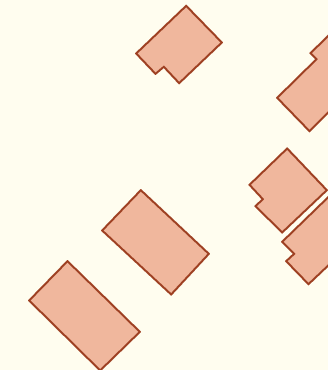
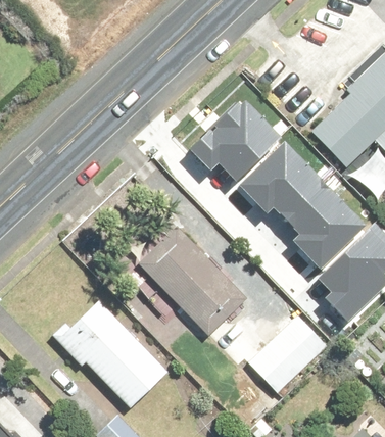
building: [136,6,222,83] -> [189,103,275,181]
building: none -> [239,145,322,222]
building: none -> [246,315,330,398]

